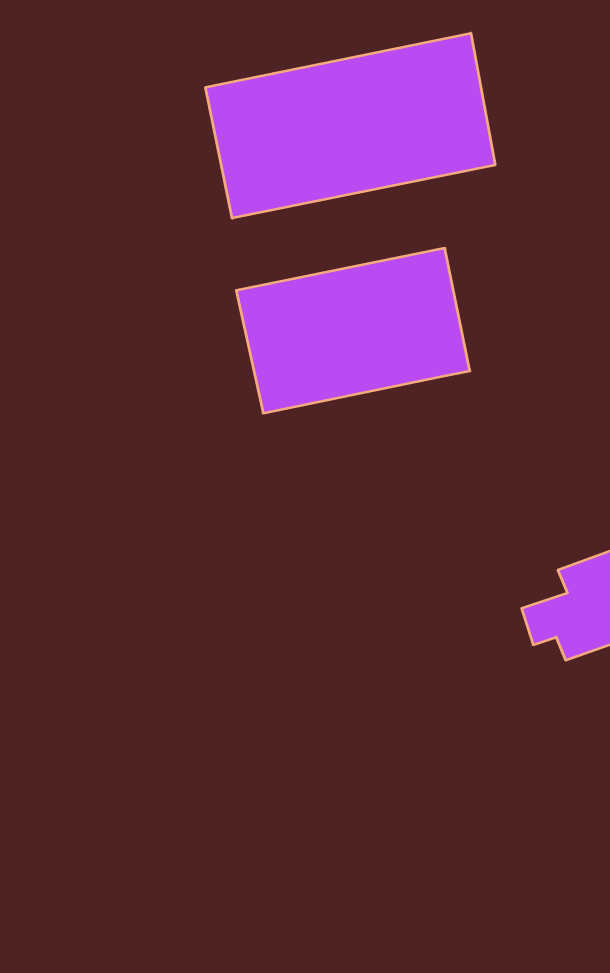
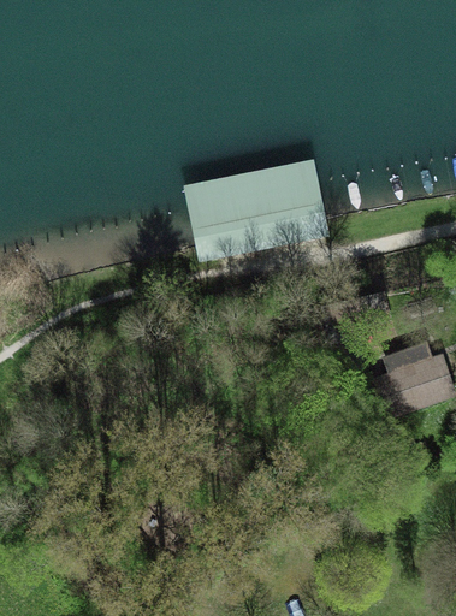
building: [206,33,495,218] -> none

